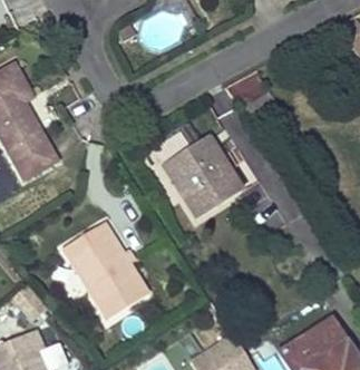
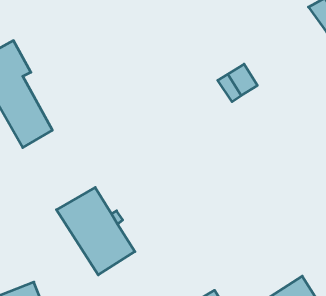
building: [164,139,243,221] -> none

